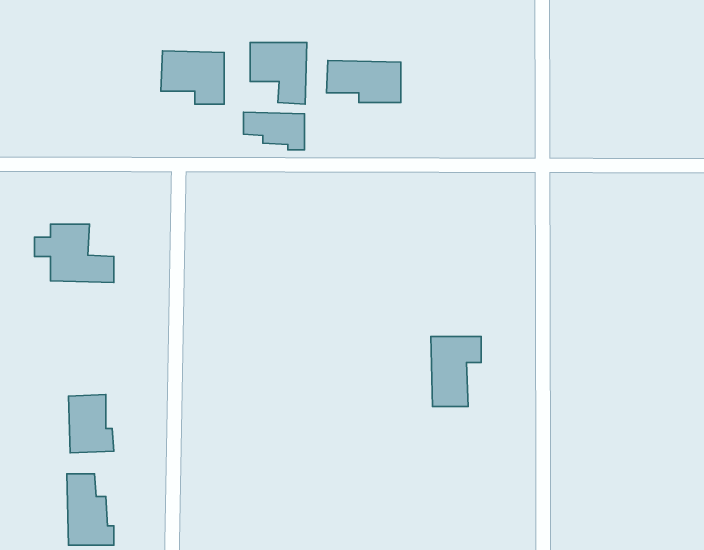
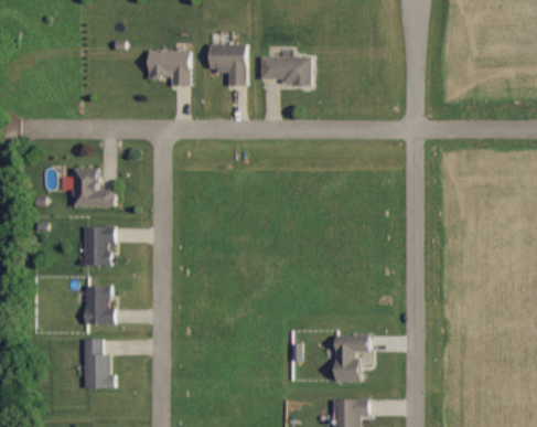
building: [244,112,304,150] -> none
building: none -> [83,227,114,267]
building: [431,337,481,406] -> [334,334,368,382]

